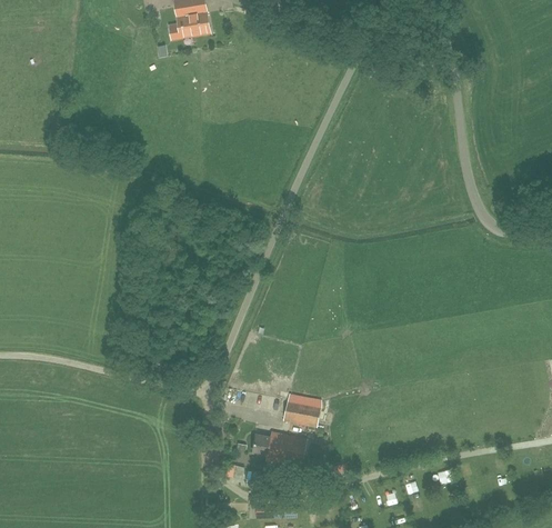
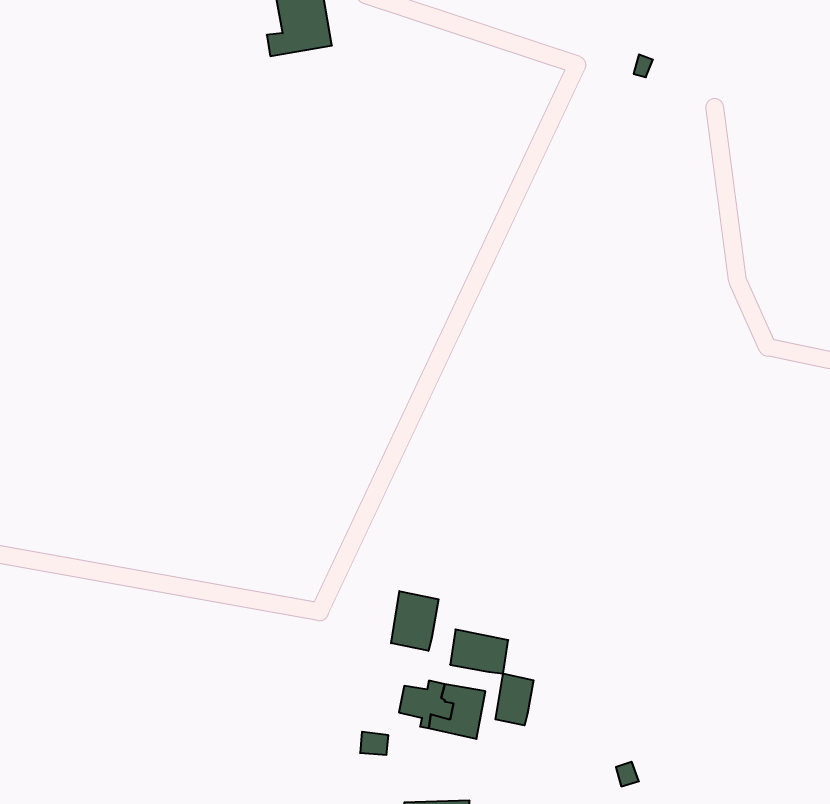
building: none -> [391,591,439,651]
building: none -> [495,674,534,725]

